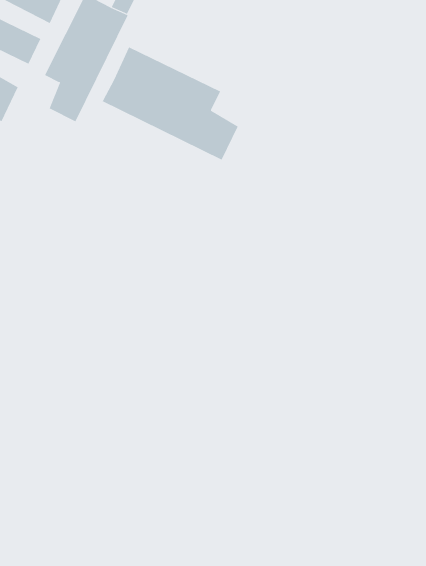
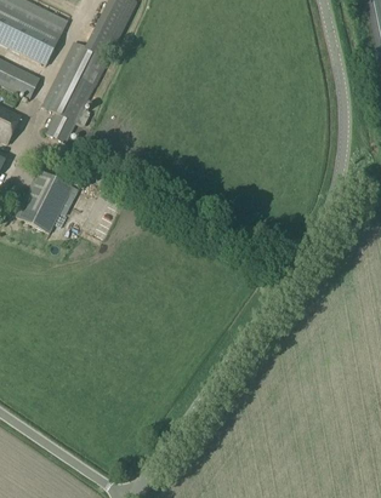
building: [101,47,238,160] -> none
building: none -> [15,166,73,230]

